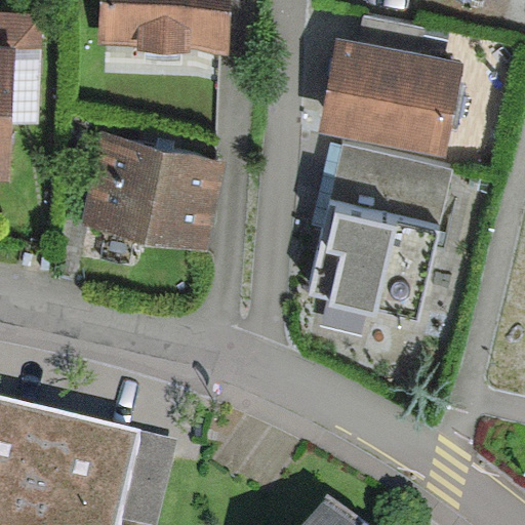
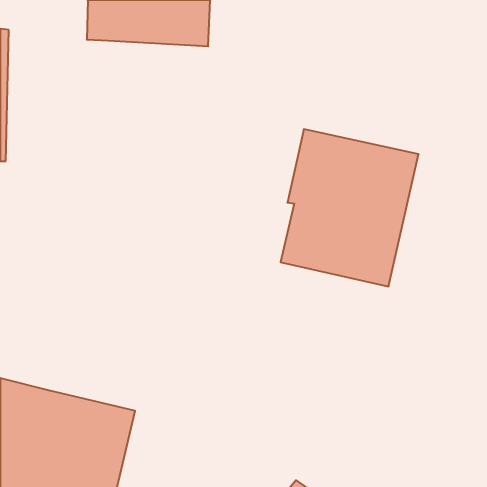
building: [318,31,457,152] -> none
building: [83,132,225,248] -> none

